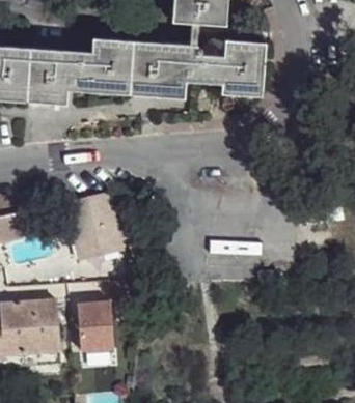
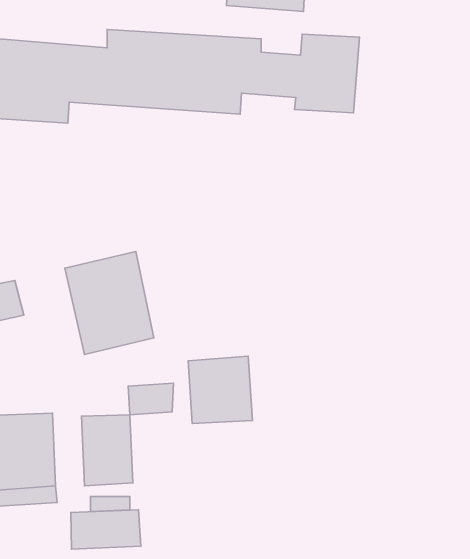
building: none -> [188,356,252,424]
building: none -> [71,510,141,549]

